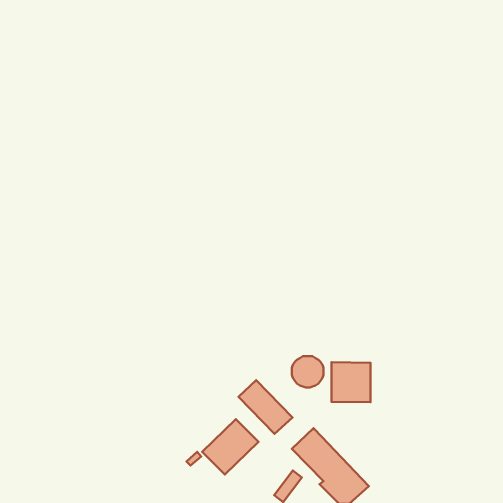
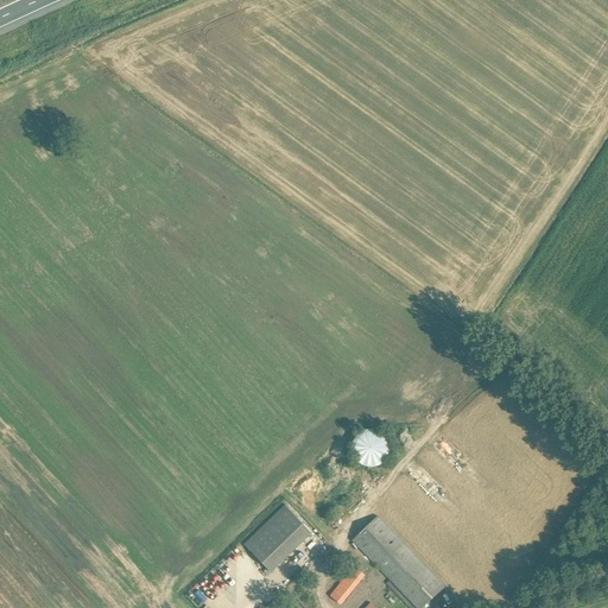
building: [331,362,370,402] -> none
building: [239,380,292,434] -> none

